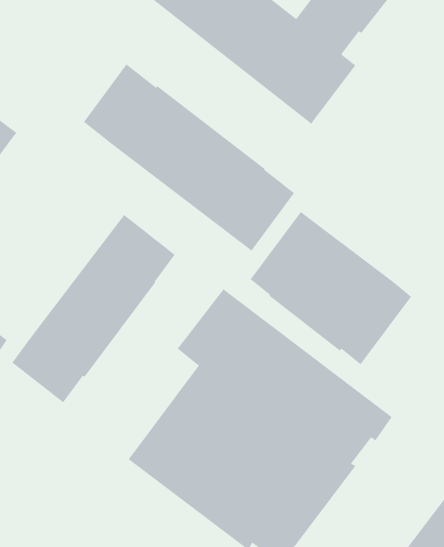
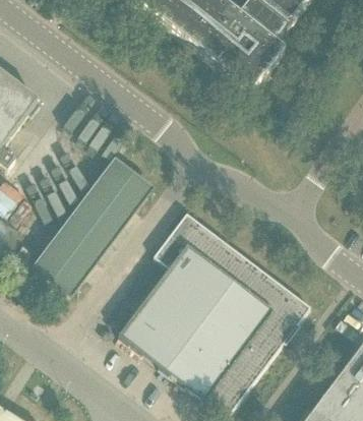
building: [83,64,295,251] -> none
building: [250,211,412,365] -> none

